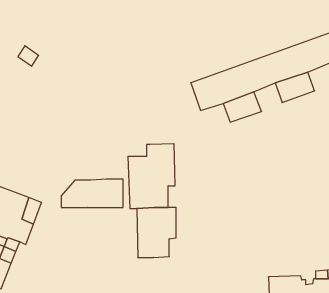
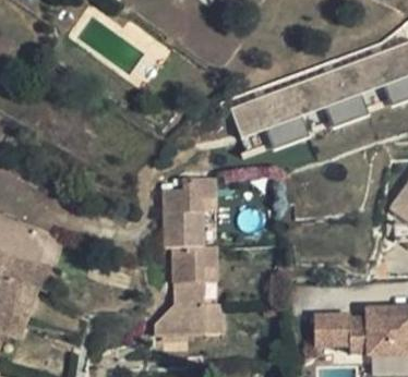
building: [61,179,123,207] -> [156,299,225,330]

